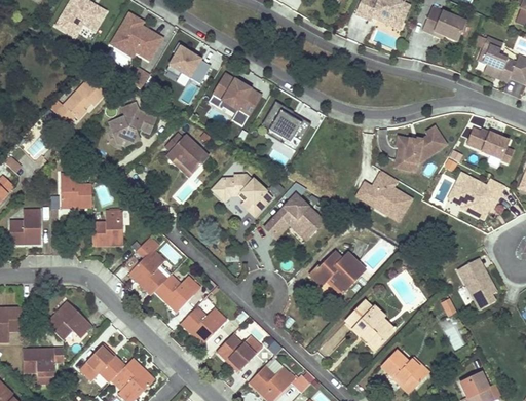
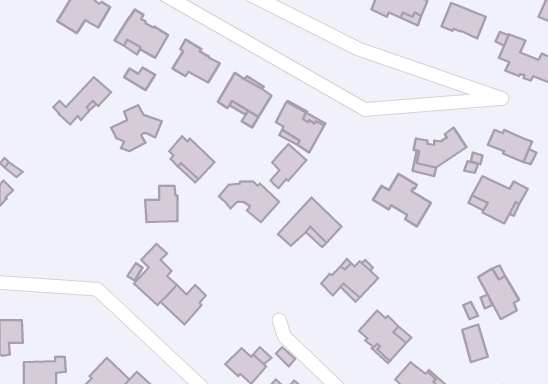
building: none -> [271,144,307,188]
building: [60,173,90,208] -> none
building: [8,209,38,243] -> none
building: [90,210,121,245] -> [145,186,178,222]
building: [45,302,89,339] -> none
building: [181,308,224,345] -> none

